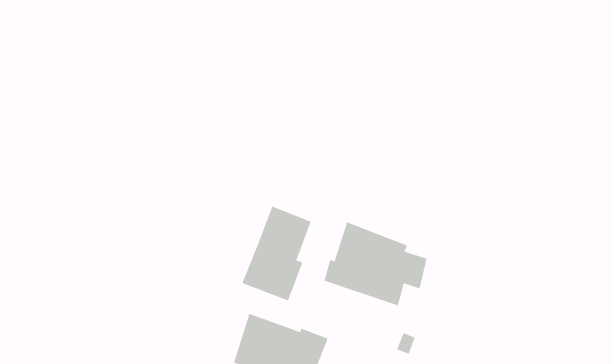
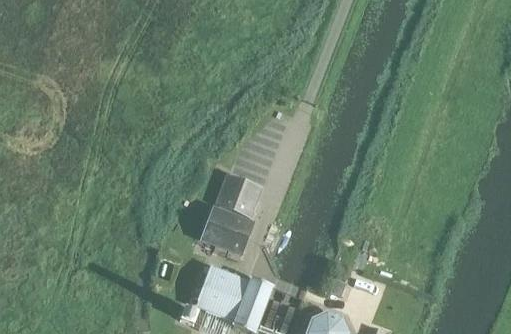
building: [324,222,427,306] -> none

